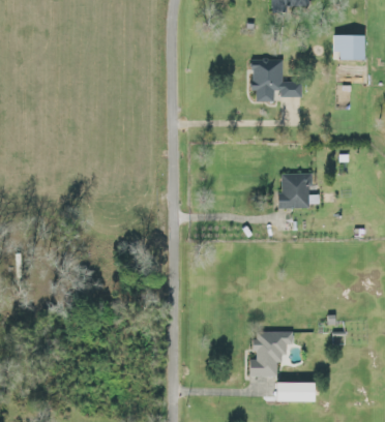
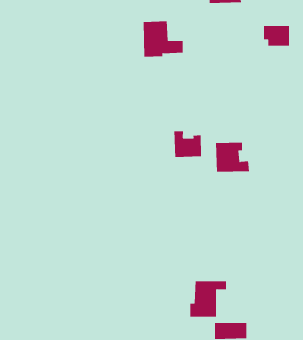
building: [253,60,300,102] -> [143,21,184,57]
building: none -> [174,130,202,158]

